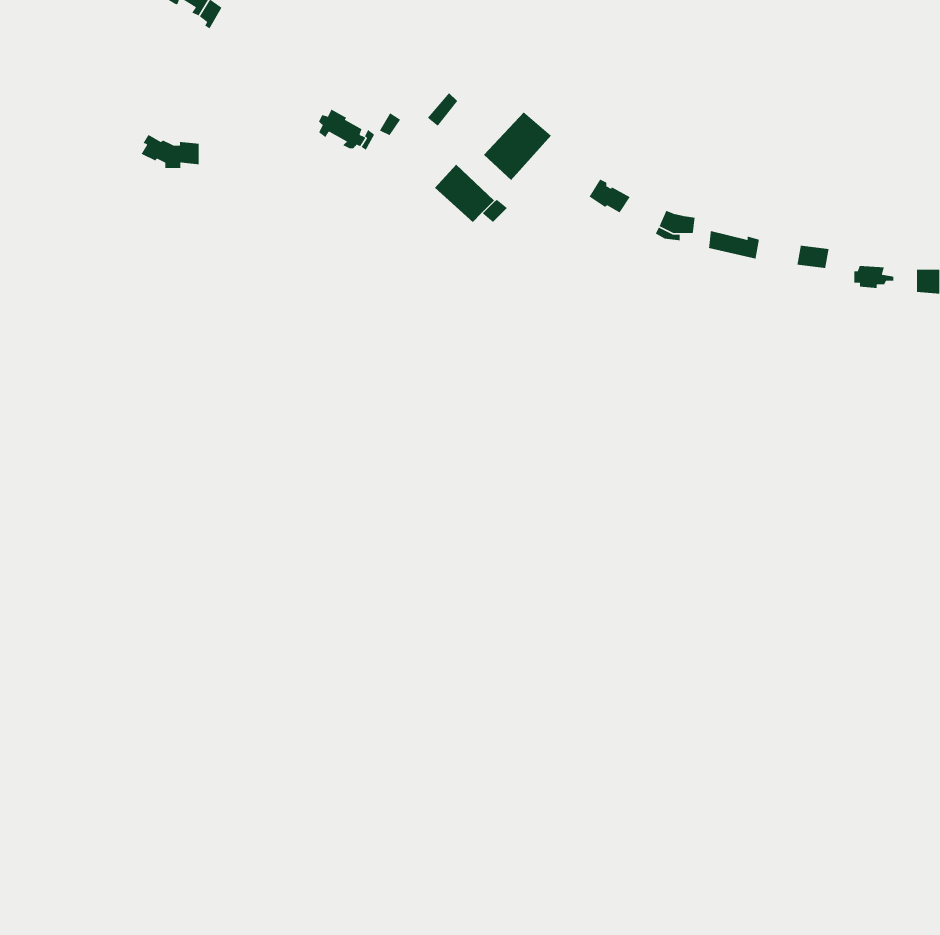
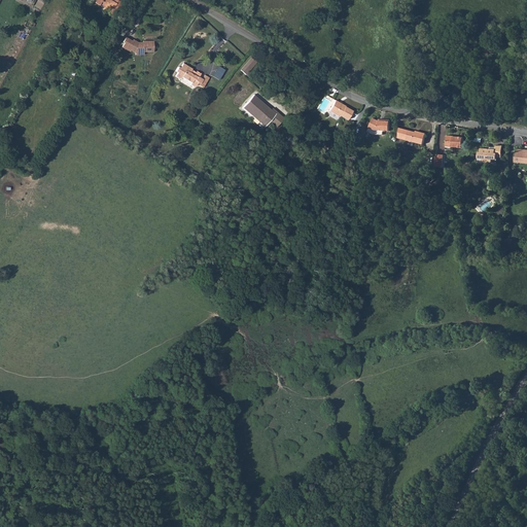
building: [483,112,552,181] -> none
building: [141,134,200,169] -> [119,35,152,55]

